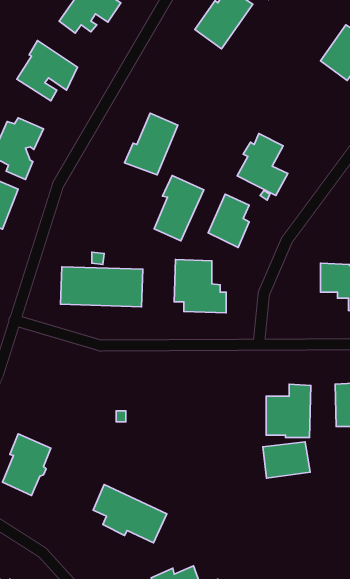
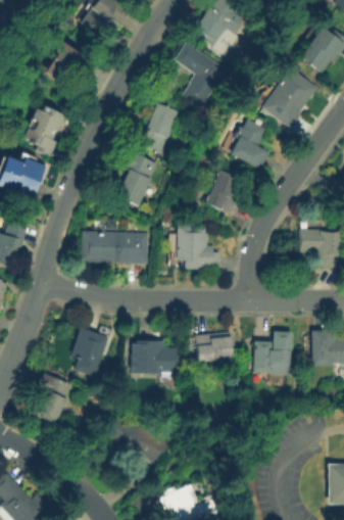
building: none -> [175,41,228,108]
building: none -> [261,67,317,129]
building: [154,175,204,241] -> [116,151,158,206]
building: none -> [69,327,108,377]
building: none -> [137,339,179,375]
building: [263,442,310,478] -> [194,332,234,363]

